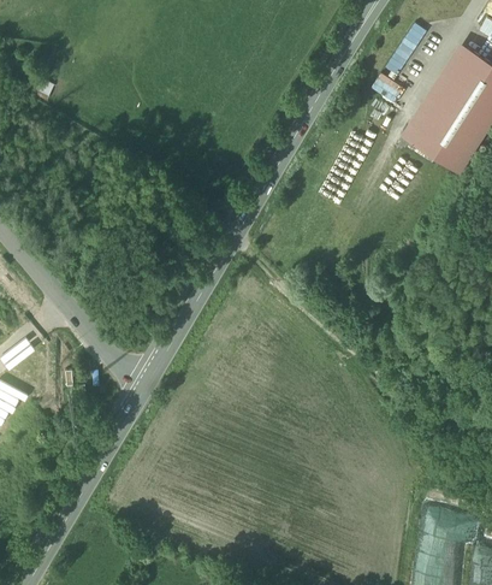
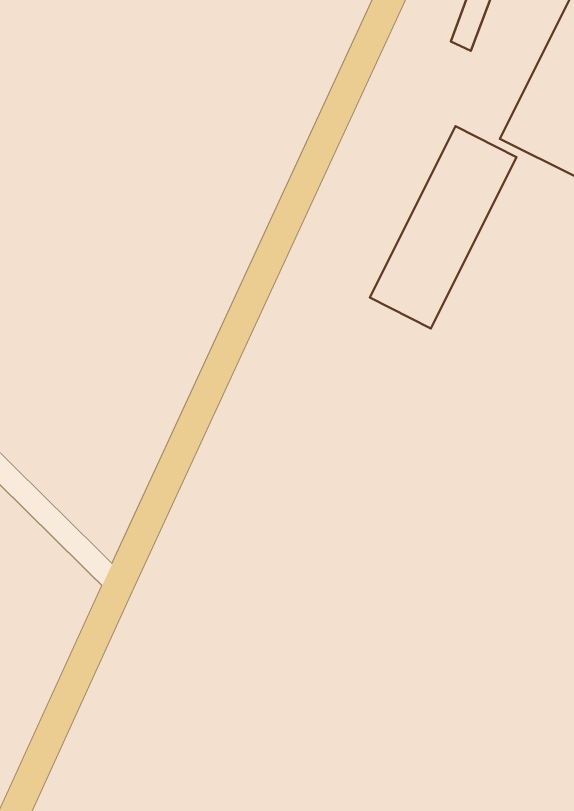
building: none -> [370,126,516,329]

